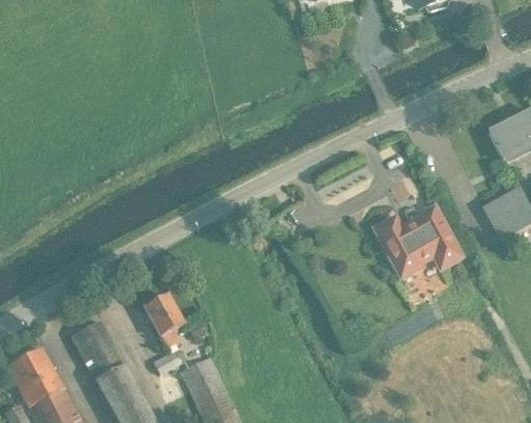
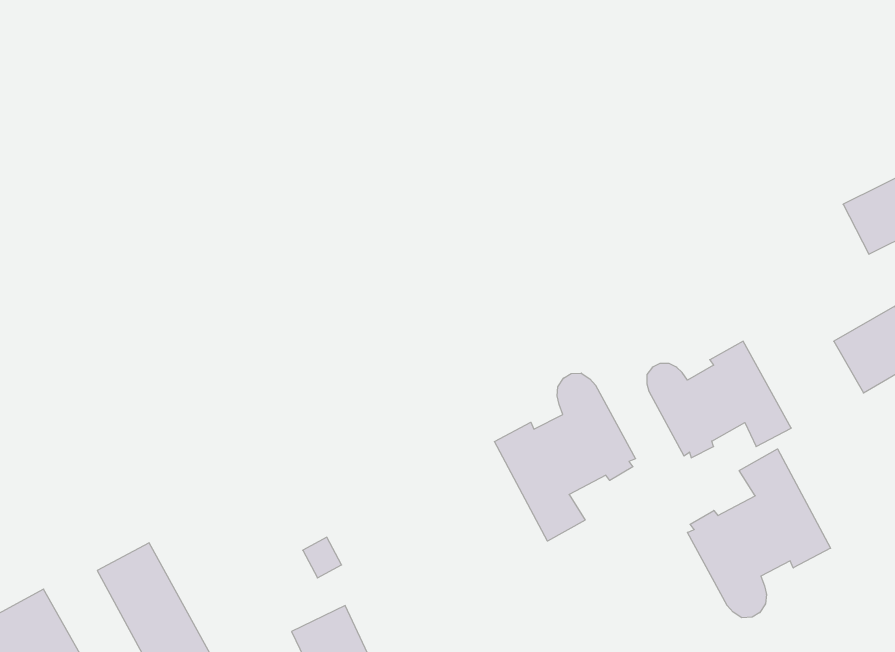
building: none -> [494,373,636,541]
building: none -> [687,449,831,618]
building: [143,293,184,372] -> none

